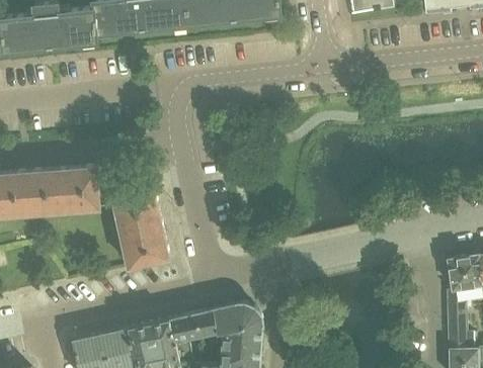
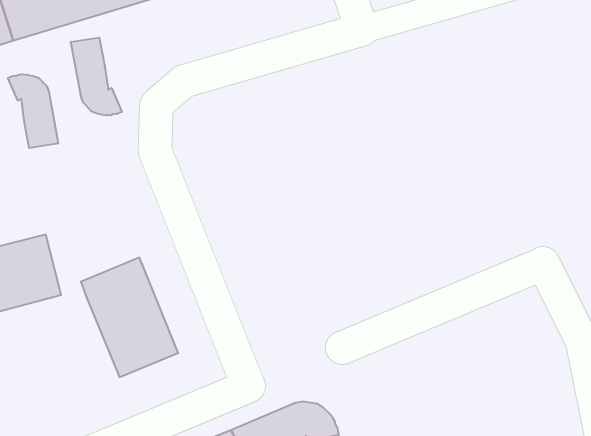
building: none -> [71,38,122,116]
building: none -> [8,74,58,148]

